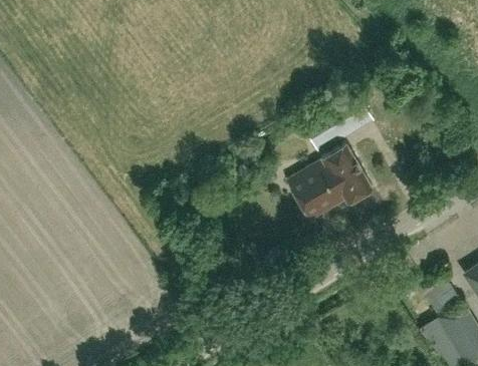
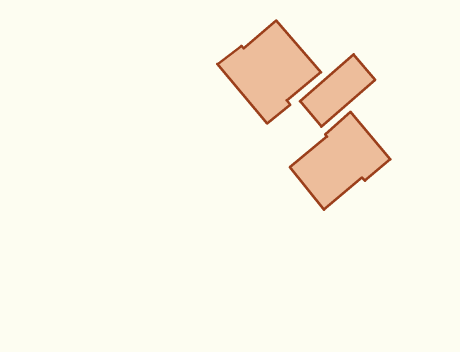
building: none -> [217,21,321,123]

